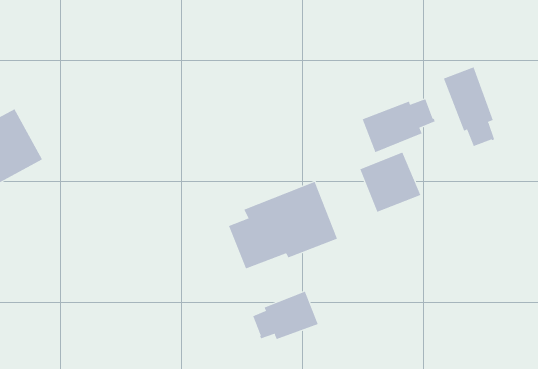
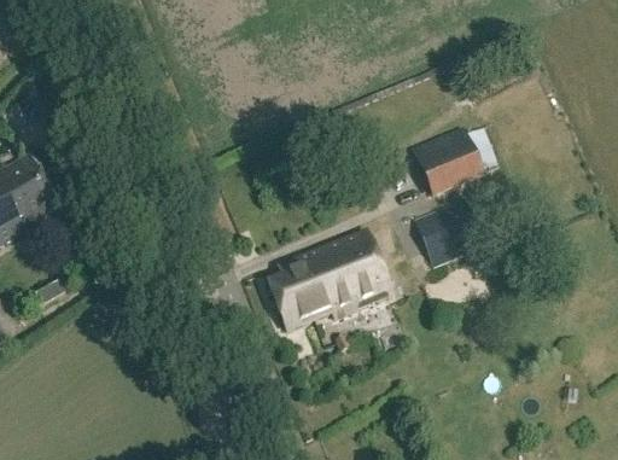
building: [443,66,495,147] -> none
building: [252,291,318,340] -> none

